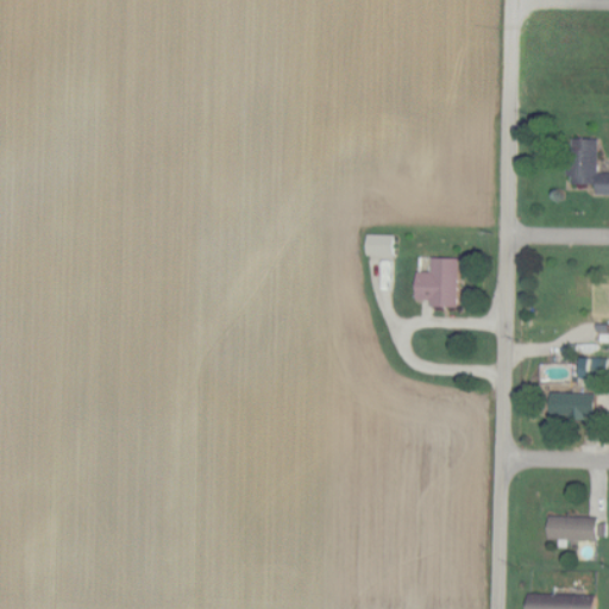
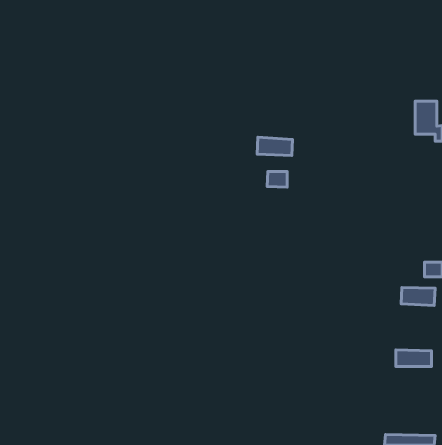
building: none -> [257,137,293,156]
building: [415,257,458,307] -> none
building: [547,516,596,539] -> [396,350,432,367]

